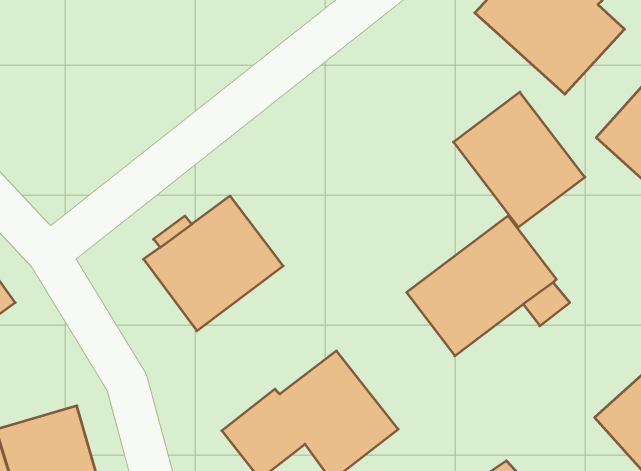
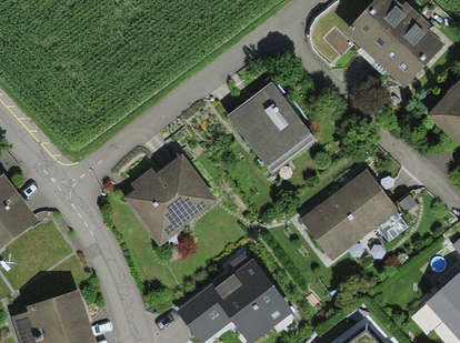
building: [453,92,585,227] -> [227,81,314,171]

